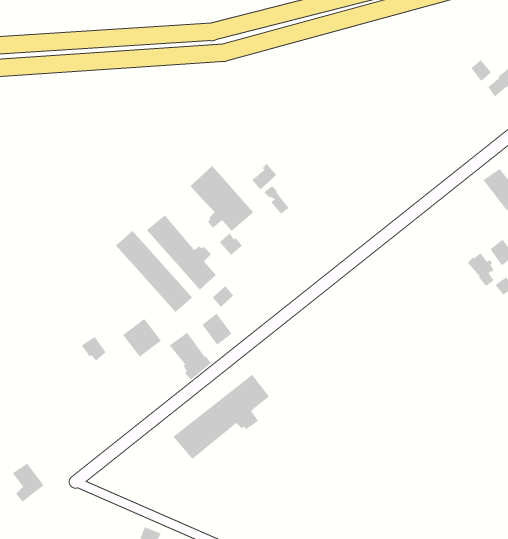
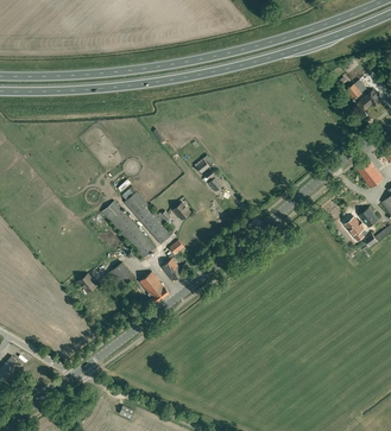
building: [189,165,254,232] -> none
building: [172,374,270,460] -> none

